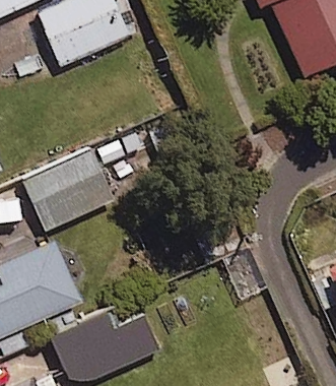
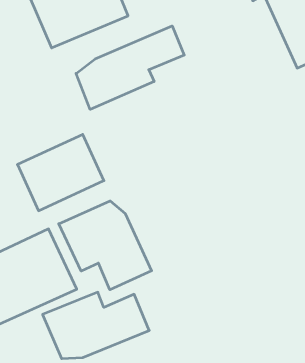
building: none -> [76,26,184,109]
building: none -> [59,201,152,290]

